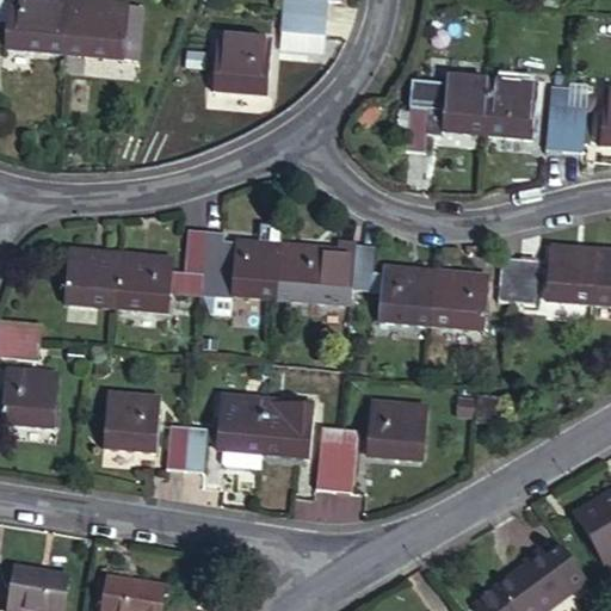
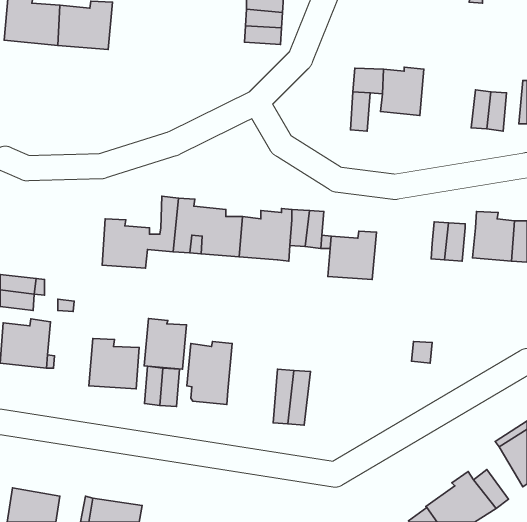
building: [212,35,271,92] -> none
building: [486,80,536,137] -> none
building: [64,251,122,307] -> none
building: [431,269,487,328] -> none
building: [264,397,313,456] -> [144,319,187,369]
building: [366,401,427,458] -> none

